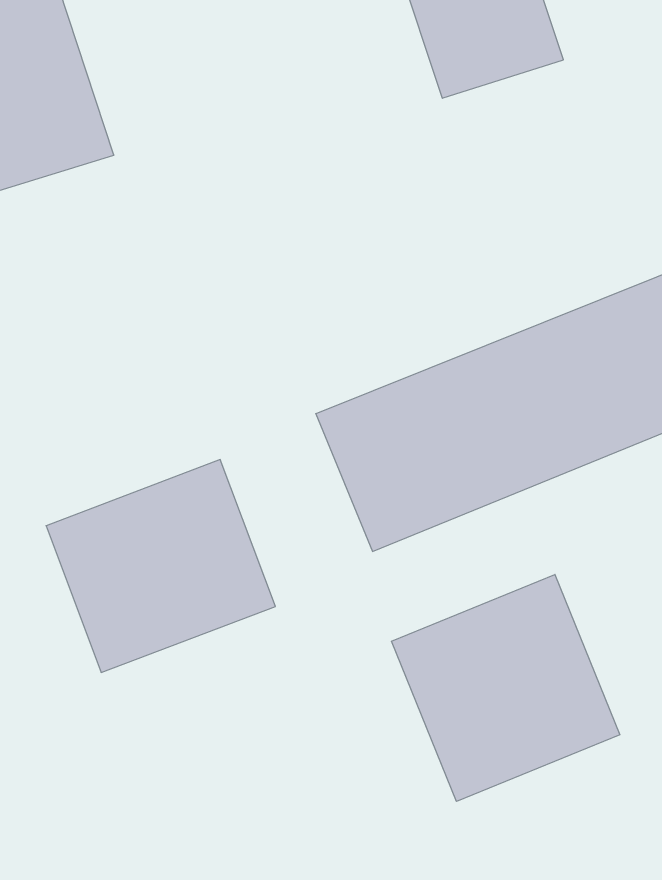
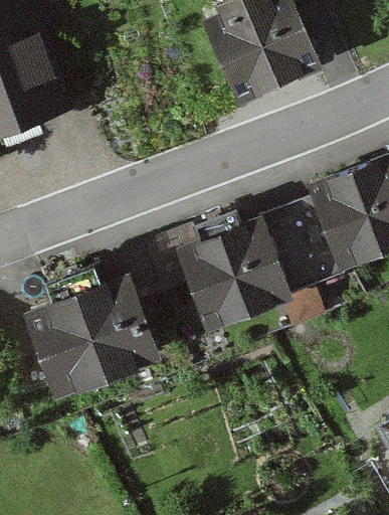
building: [392,574,620,801] -> none

